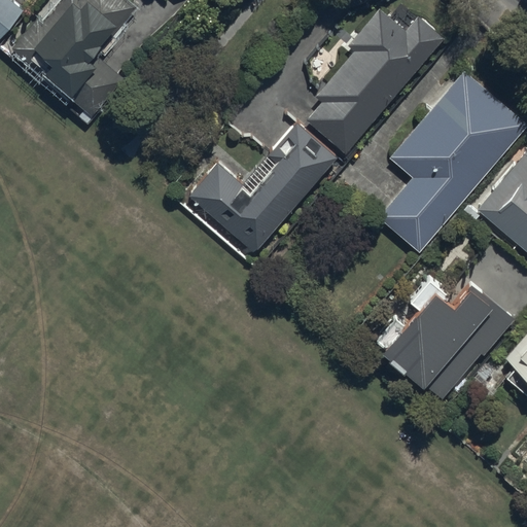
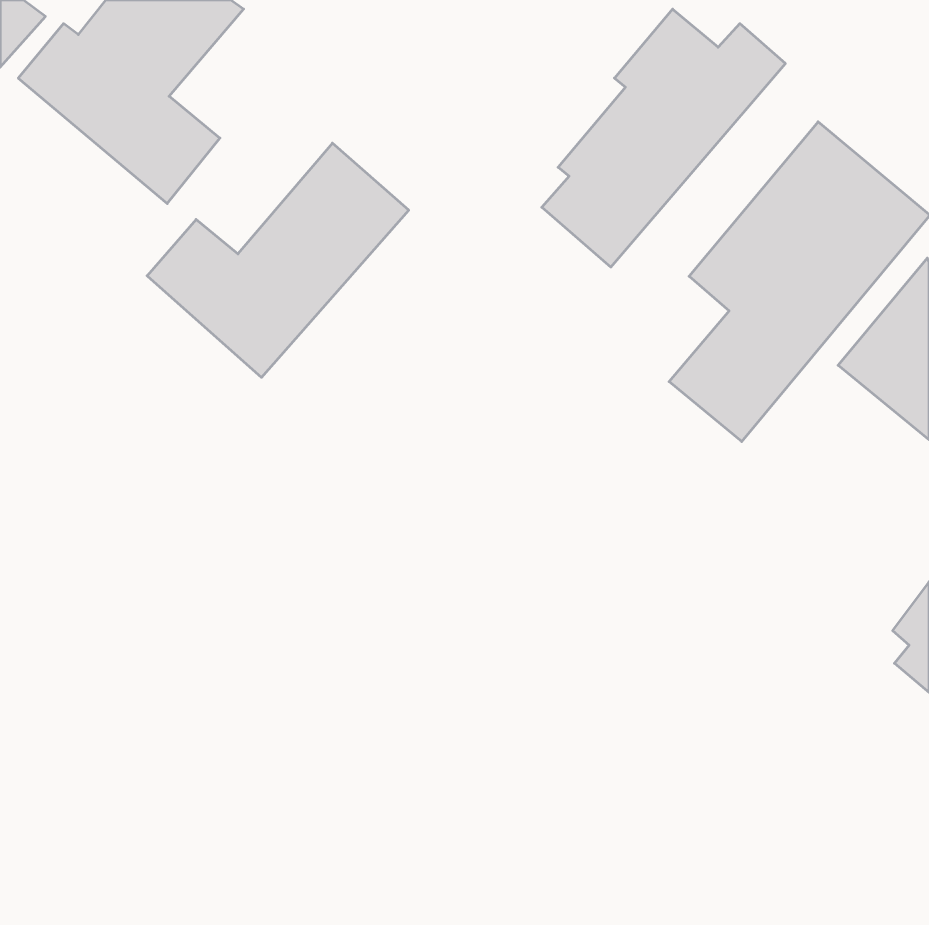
building: [190,119,339,252] -> [147,143,409,377]
building: [375,277,517,401] -> none

